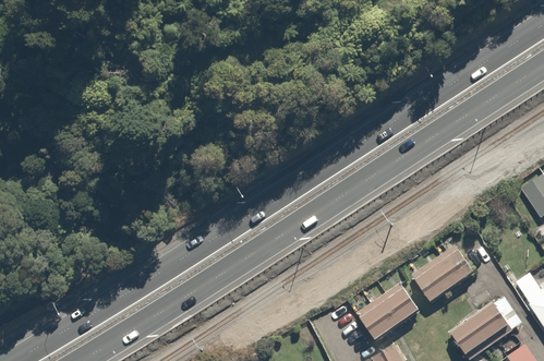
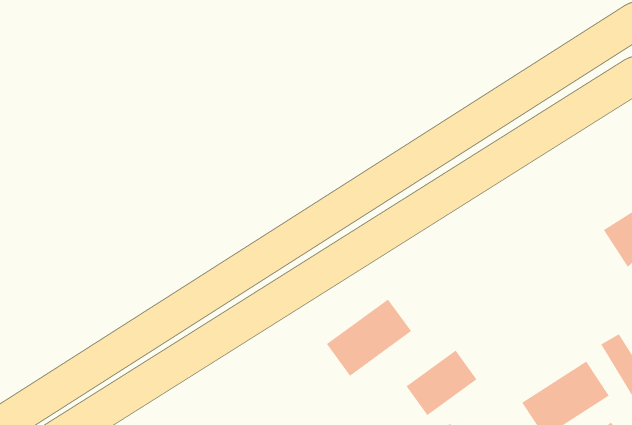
building: [411,243,474,302] -> none
building: none -> [326,298,412,377]

